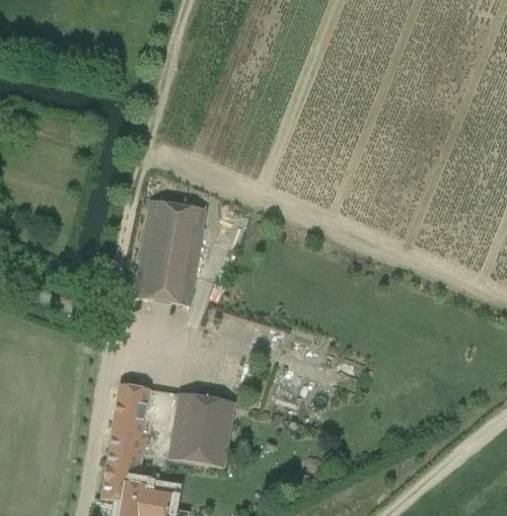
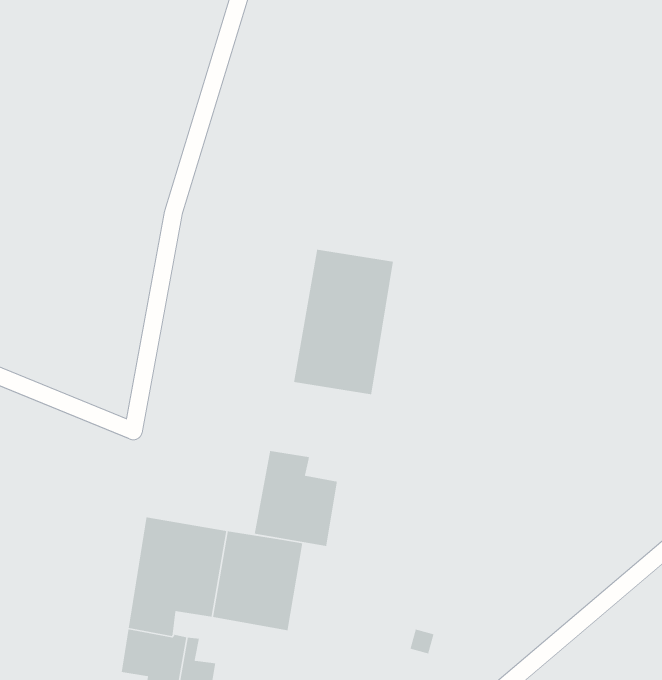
building: [133,198,207,305] -> [293,249,394,395]
building: none -> [254,450,338,547]

